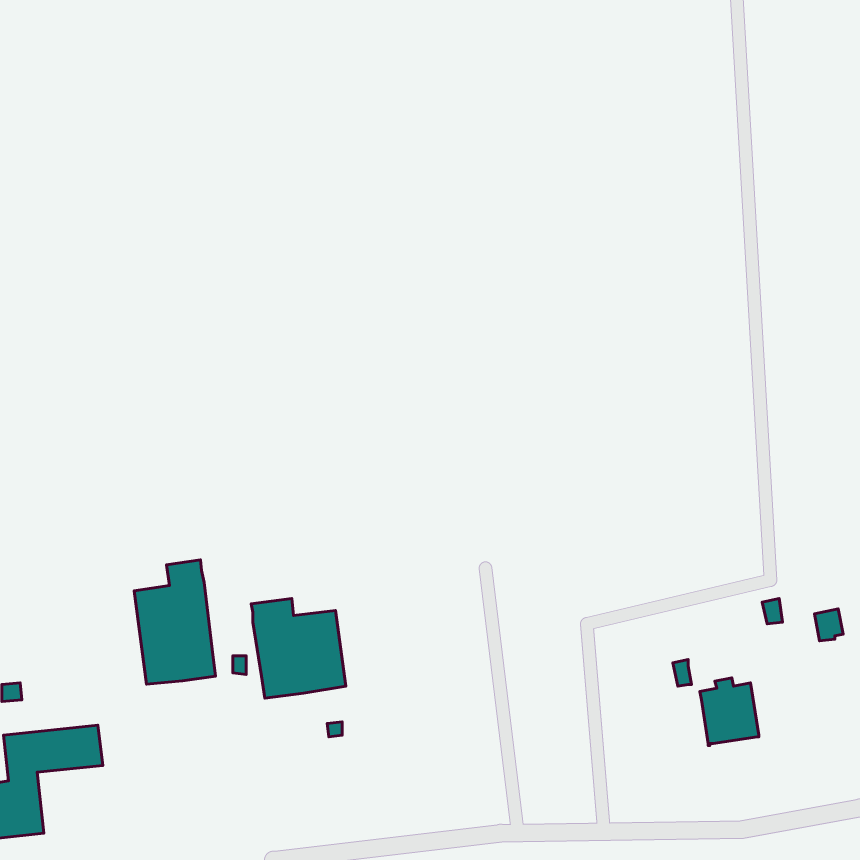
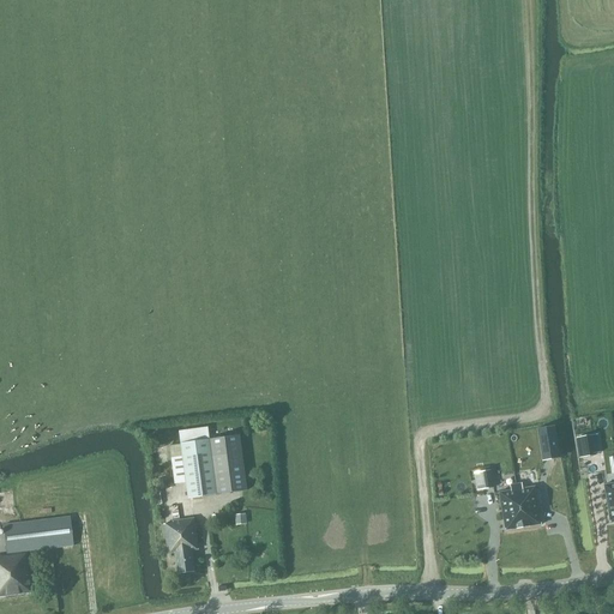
building: [134,560,215,684] -> none
building: none -> [164,517,198,572]

